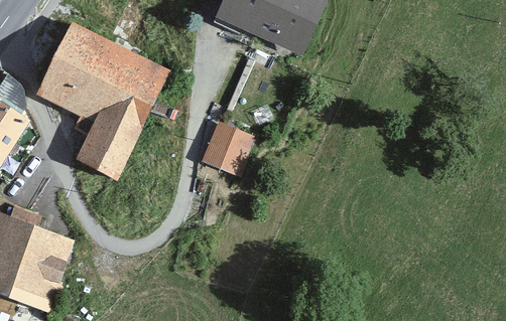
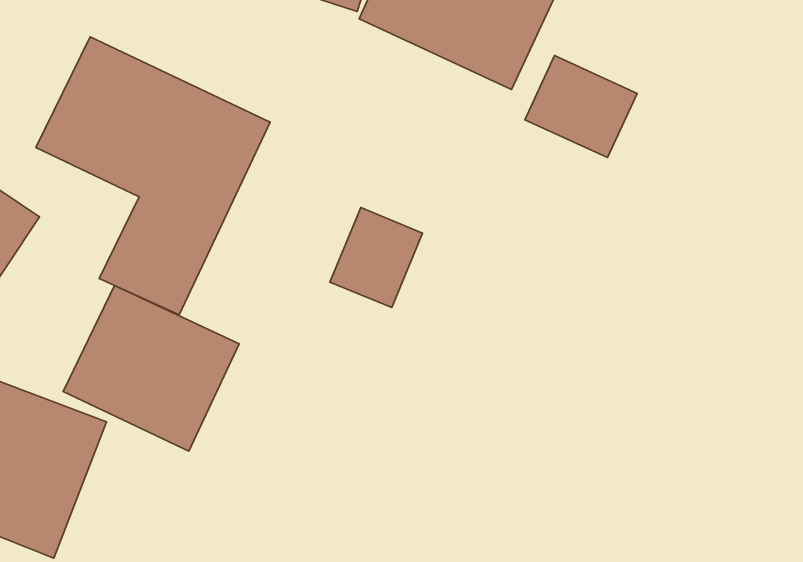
building: none -> [525,56,637,158]
building: none -> [63,286,239,451]

